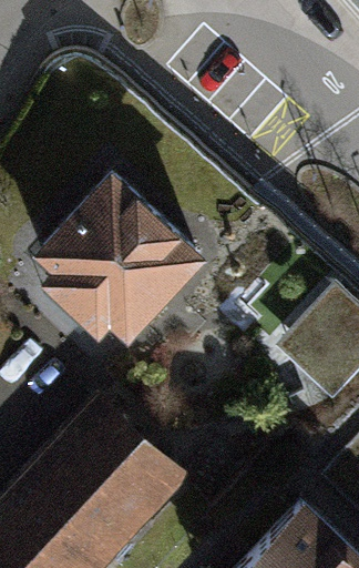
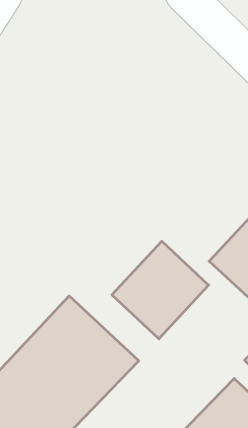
building: [45,176,199,328] -> none
building: none -> [112,241,209,339]

